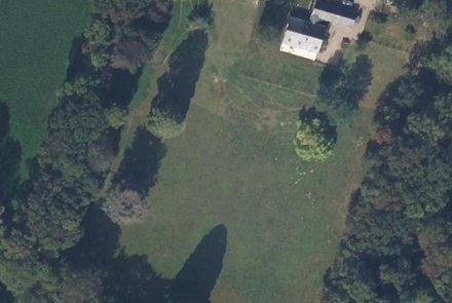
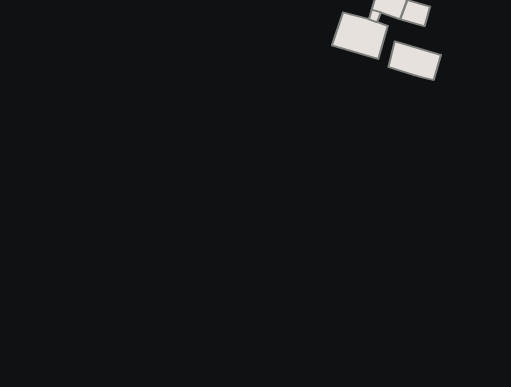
building: none -> [388,41,441,80]

